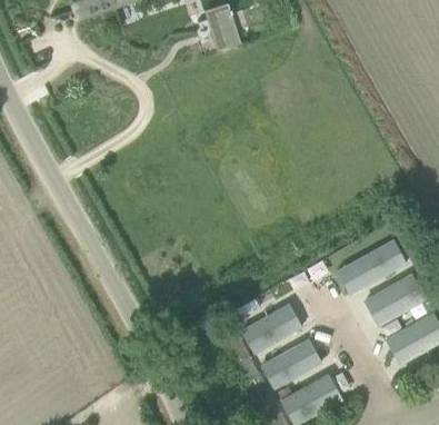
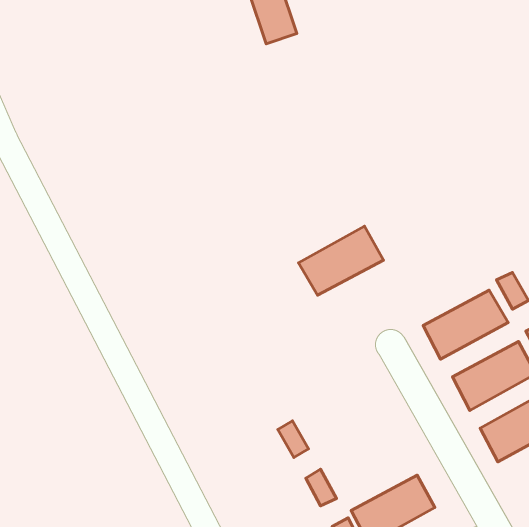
building: [240,303,305,355] -> [299,226,384,295]
building: [261,339,325,393] -> none

